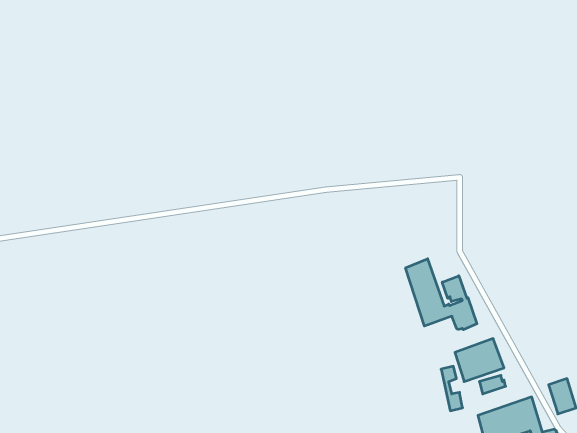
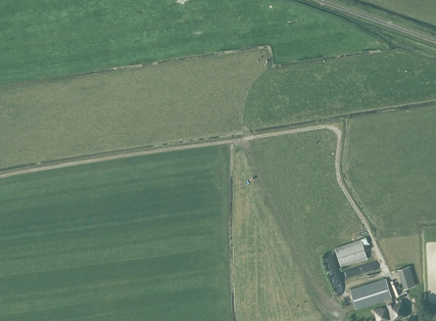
building: [406,259,477,330] -> none

